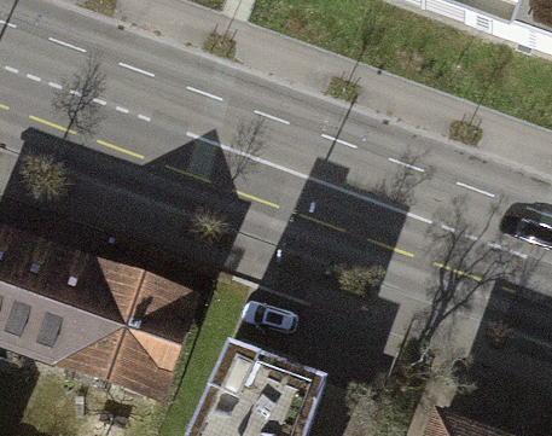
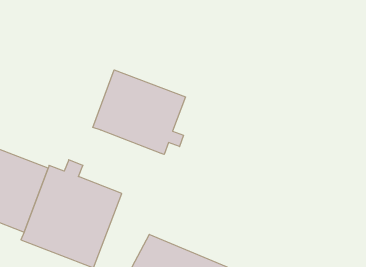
building: none -> [93,70,185,154]

